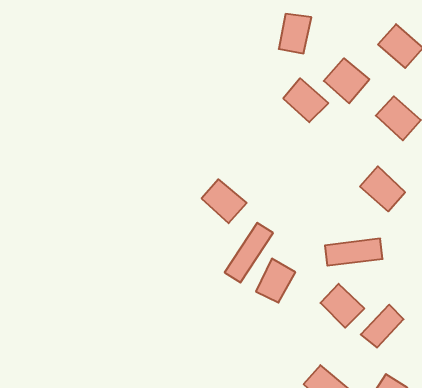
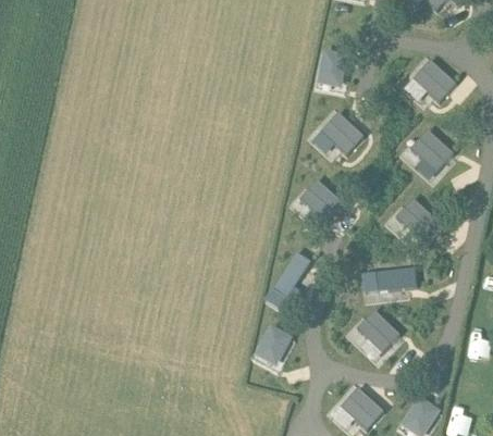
building: [324,58,369,103] -> none
building: [202,179,247,223] -> [299,179,343,222]
building: [256,259,295,303] -> [255,324,293,366]
building: [361,305,404,348] -> none

